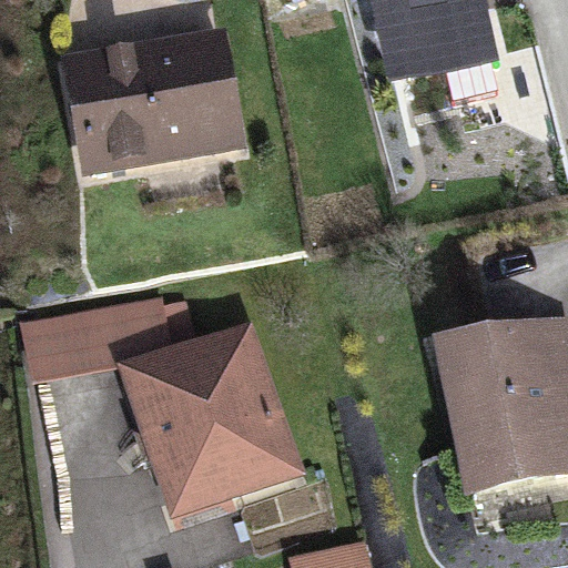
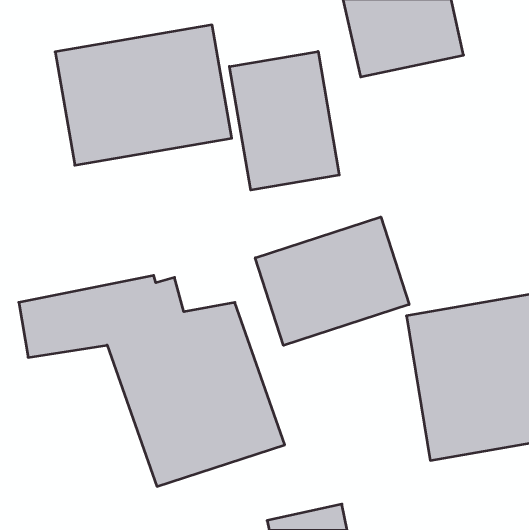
building: none -> [229,51,339,190]
building: none -> [255,217,409,345]

